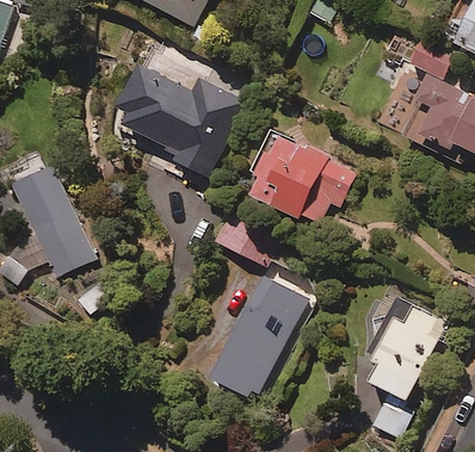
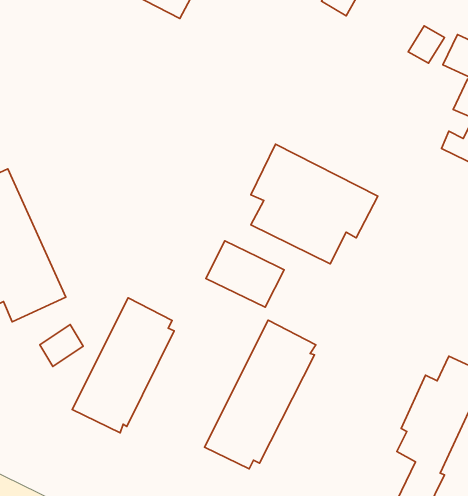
building: [112,62,246,184] -> none
building: none -> [72,298,174,433]

